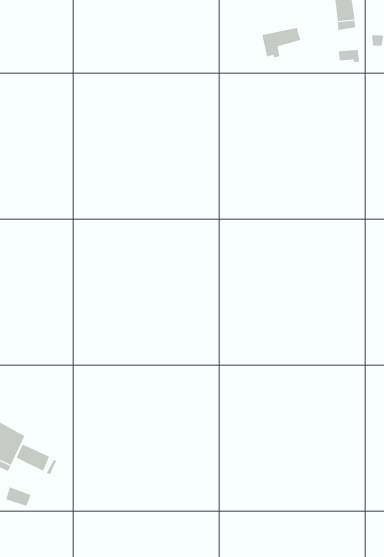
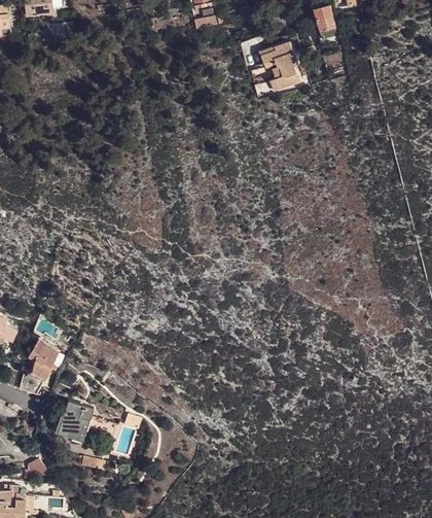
building: none -> [267,51,298,92]

